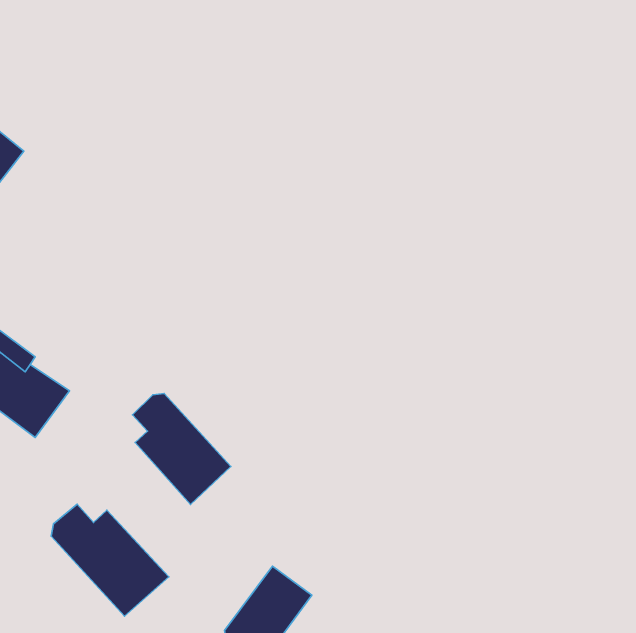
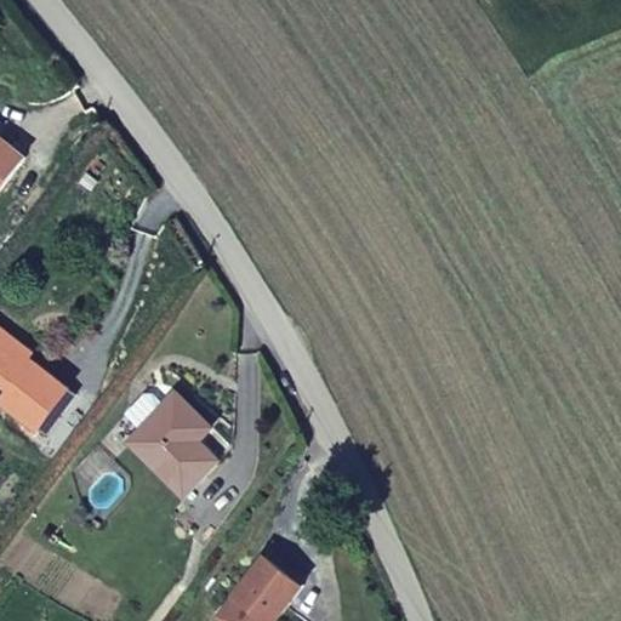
building: [51,504,169,616] -> none

